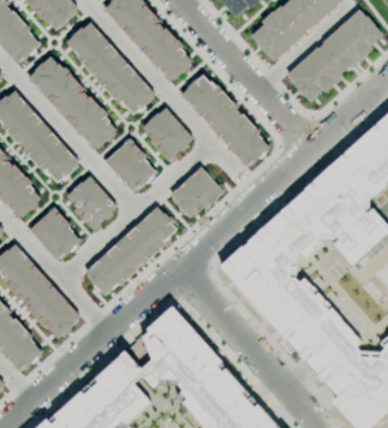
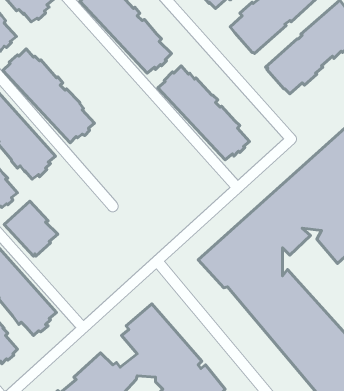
building: [66,20,154,115] -> none
building: [141,106,193,160] -> none
building: [103,137,155,190] -> none
building: [169,166,222,218] -> none
building: [65,174,118,230] -> none
building: [83,206,179,295] -> none

